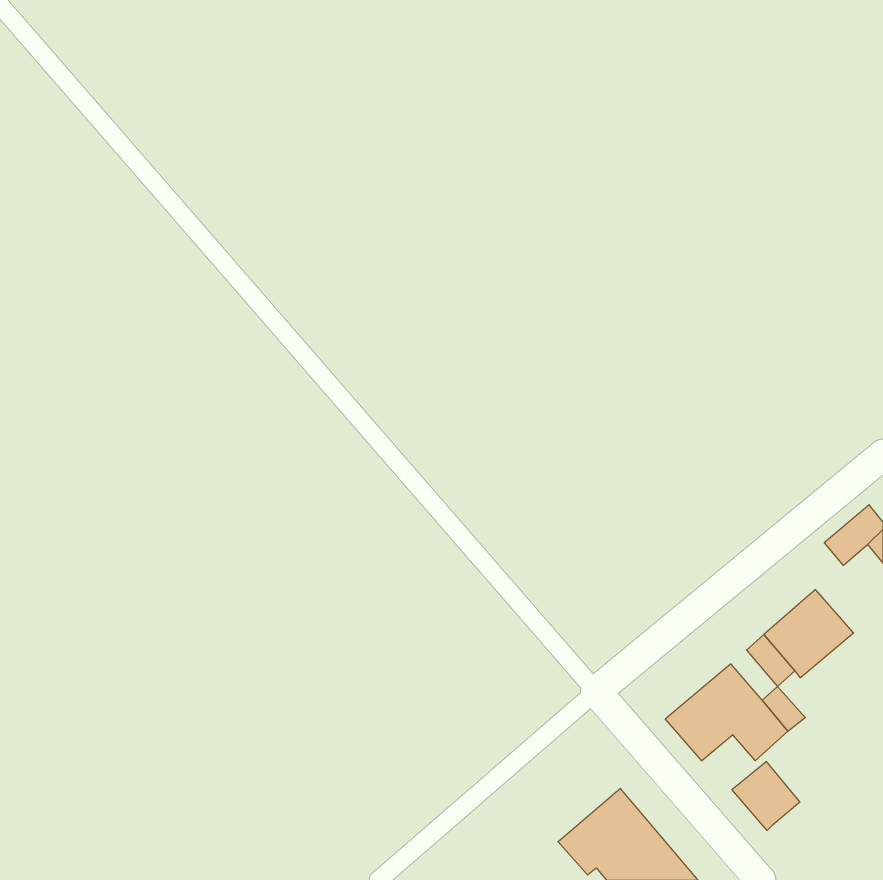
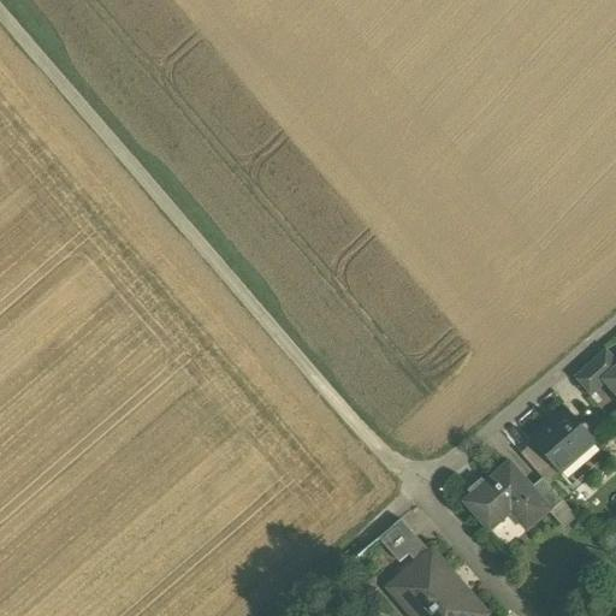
building: none -> [379,517,421,561]
building: [732,761,800,830] -> none

